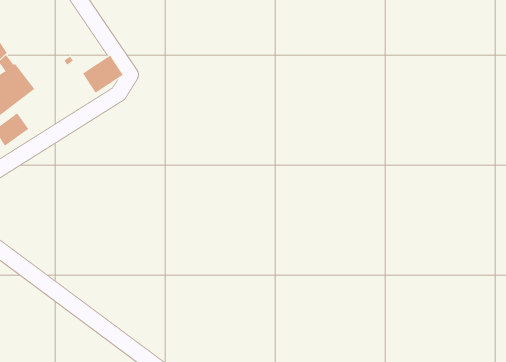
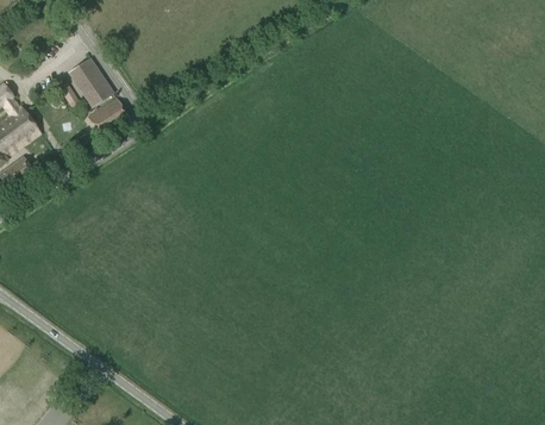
building: none -> [75,58,114,108]

